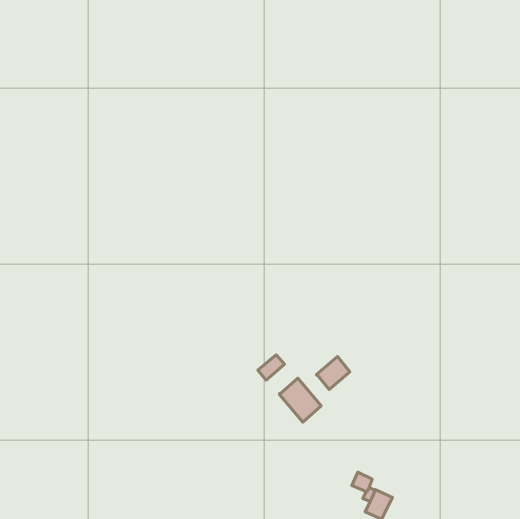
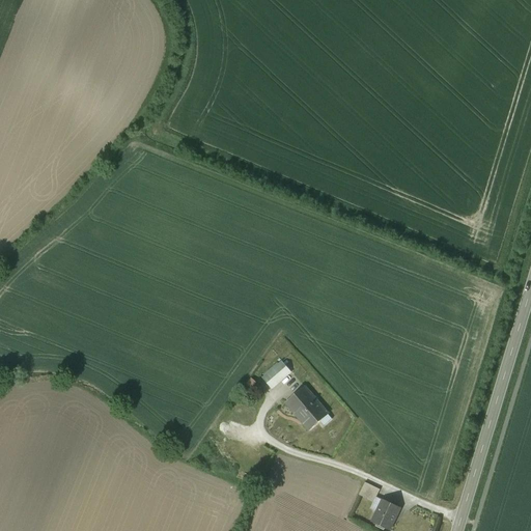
building: [317,357,350,390] -> none

